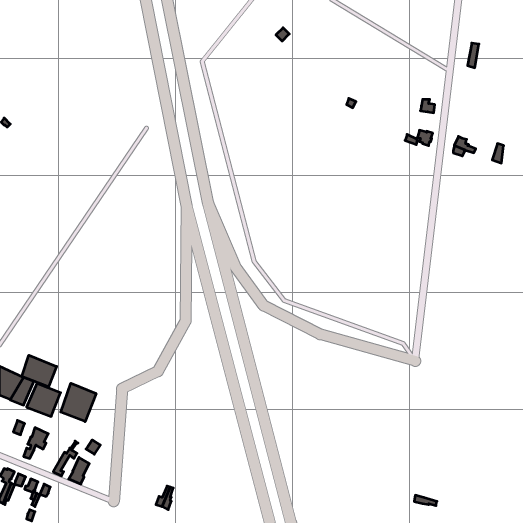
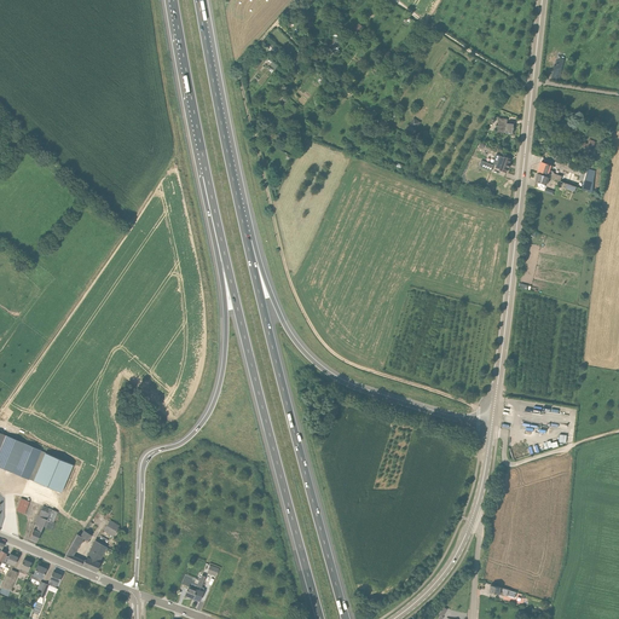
building: [22,355,57,387] -> none
building: [61,383,96,422] -> none

